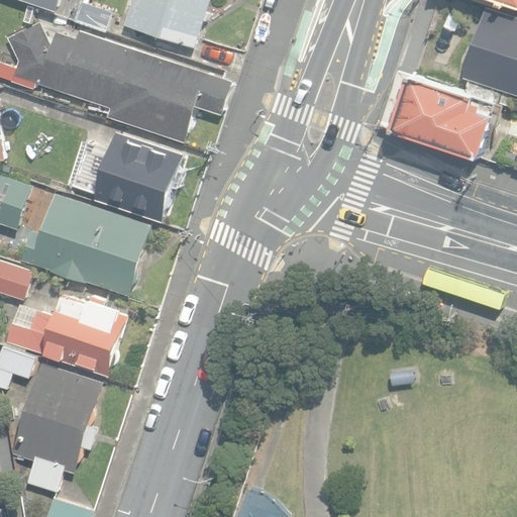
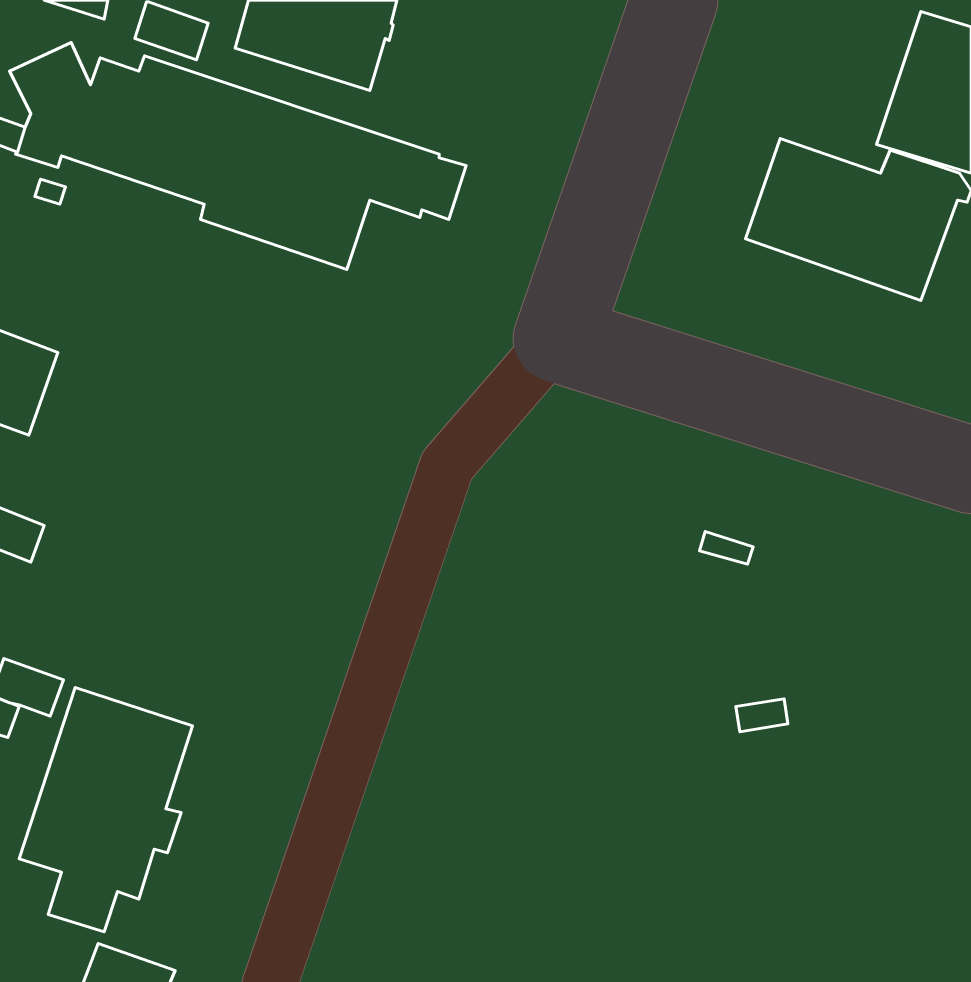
building: [65,131,182,222] -> none
building: [20,193,150,295] -> none
building: [4,288,129,376] -> none

